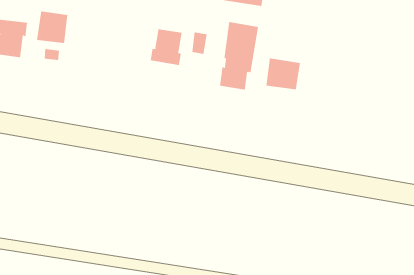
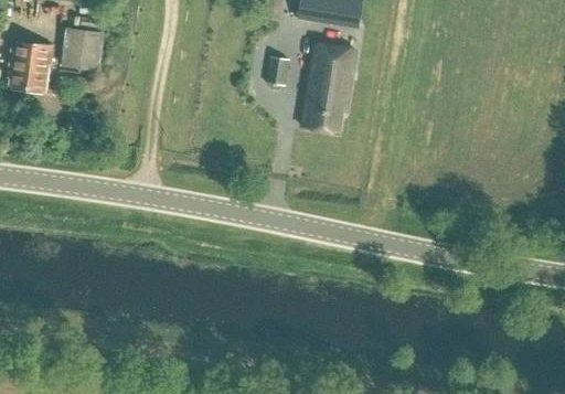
building: [150,29,182,66] -> none
building: [266,57,301,90] -> none

